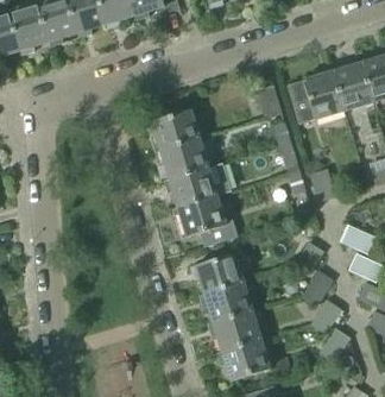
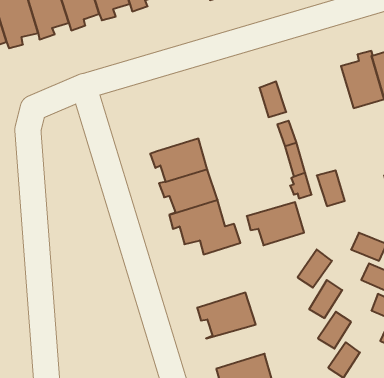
building: [286,64,343,124] -> none
building: [145,109,198,150] -> none
building: [189,253,242,294] -> [247,202,304,245]
building: [206,311,260,353] -> none

